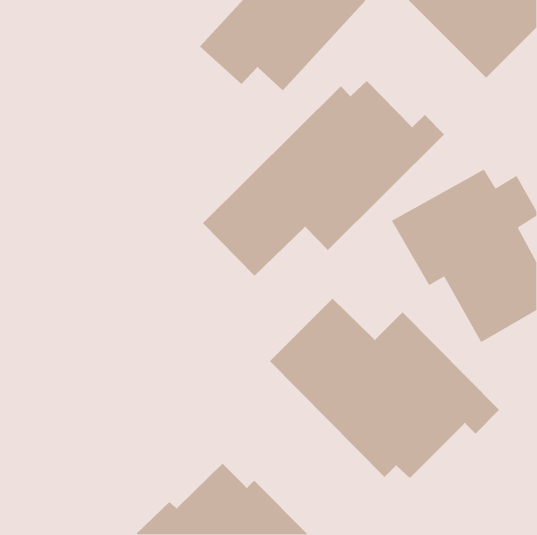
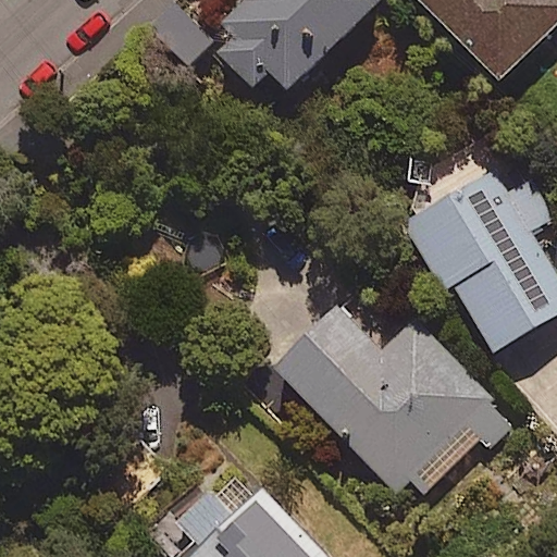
building: [202,80,445,277] -> none

